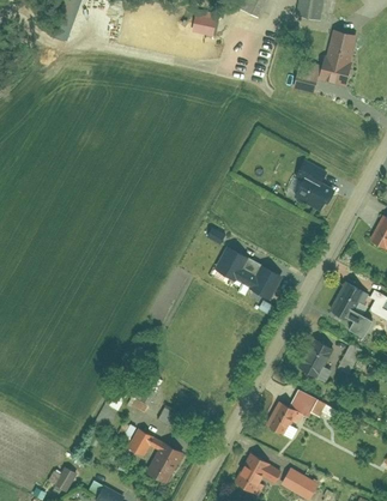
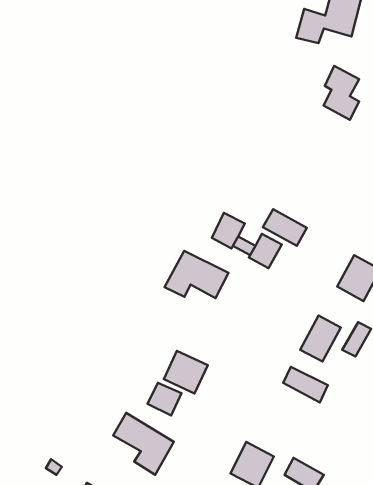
building: [294,159,326,209] -> [324,66,359,120]
building: none -> [263,209,307,246]
building: none -> [165,251,228,298]
building: none -> [164,351,208,393]
building: [265,402,297,435] -> none

